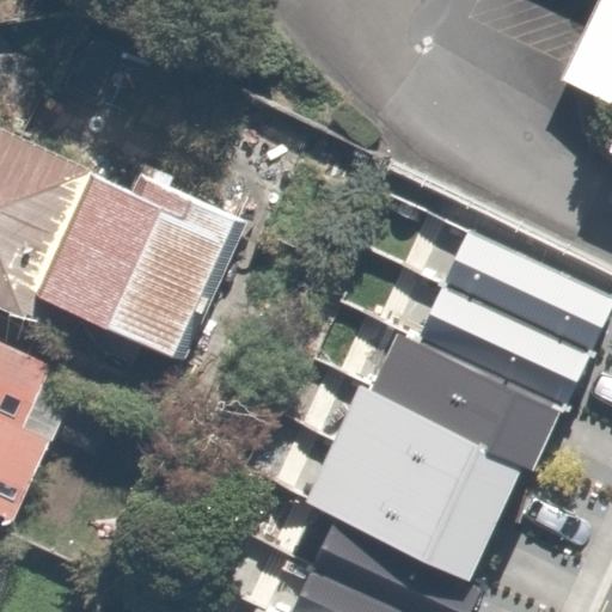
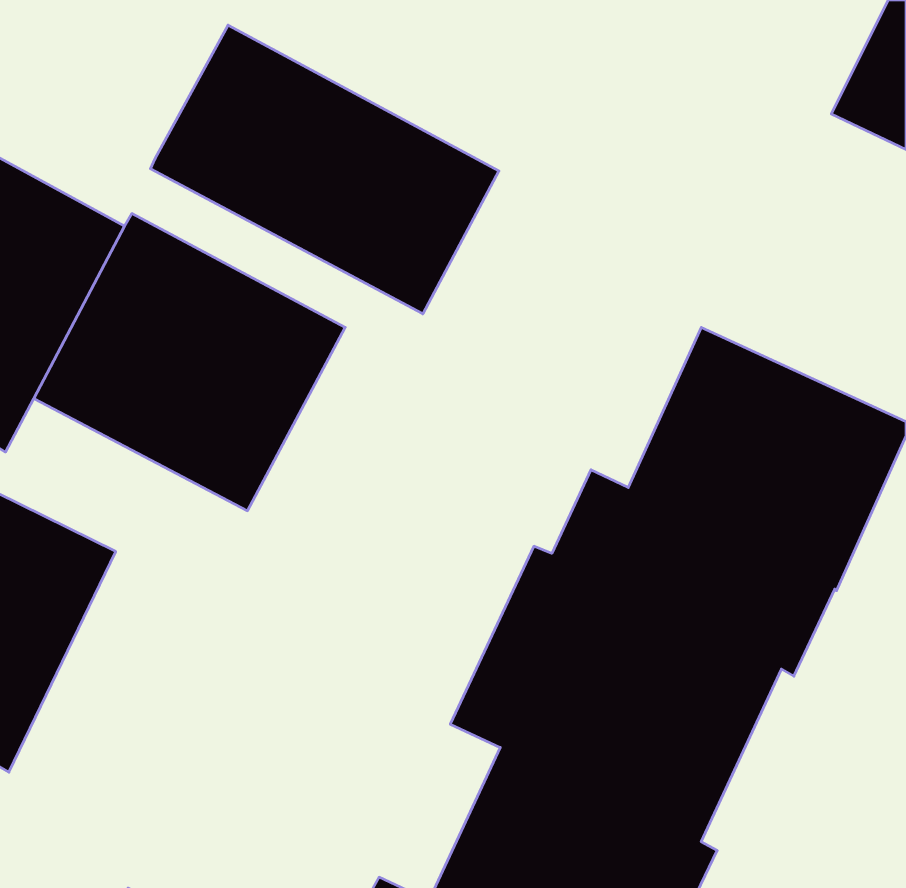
building: none -> [150,25,499,314]

